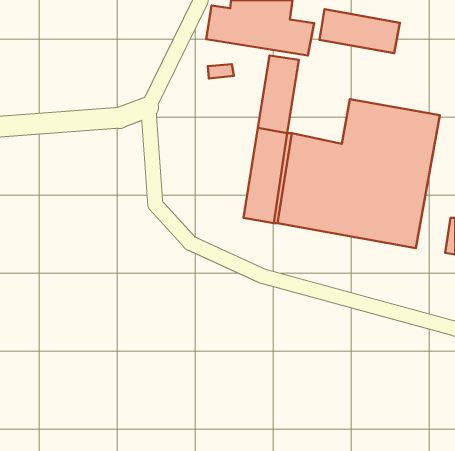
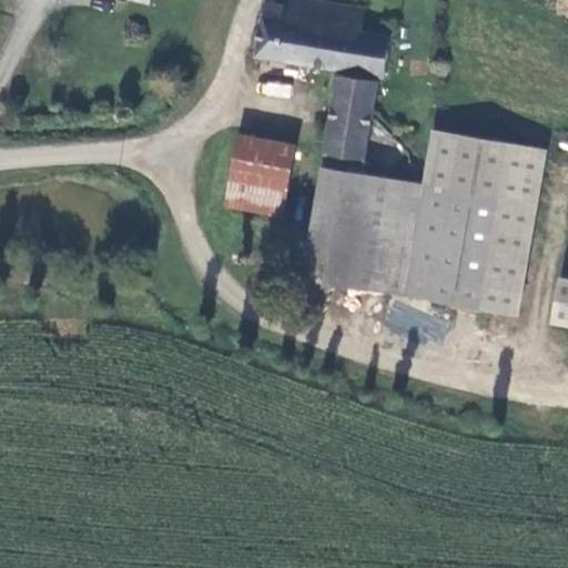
building: [320,9,400,53] -> none
building: none -> [221,135,292,217]

